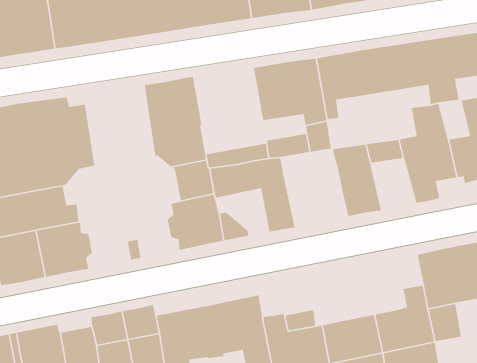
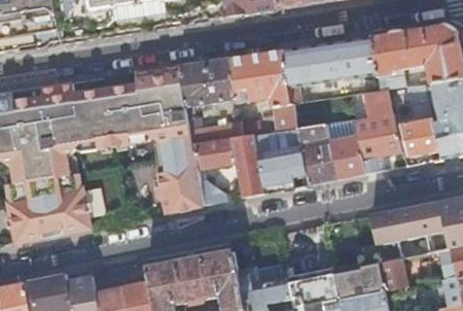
building: none -> [179,58,237,106]
building: none -> [87,72,146,148]
building: none -> [329,135,367,179]
building: none -> [256,147,305,194]

